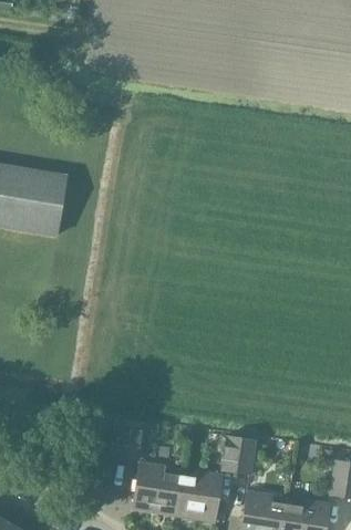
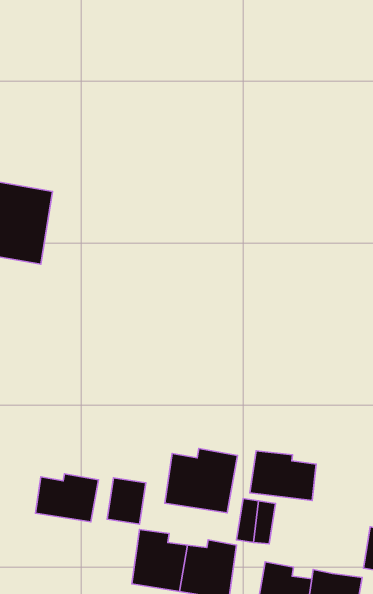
building: none -> [165,448,237,513]
building: none -> [250,451,316,500]
building: none -> [35,474,99,522]

